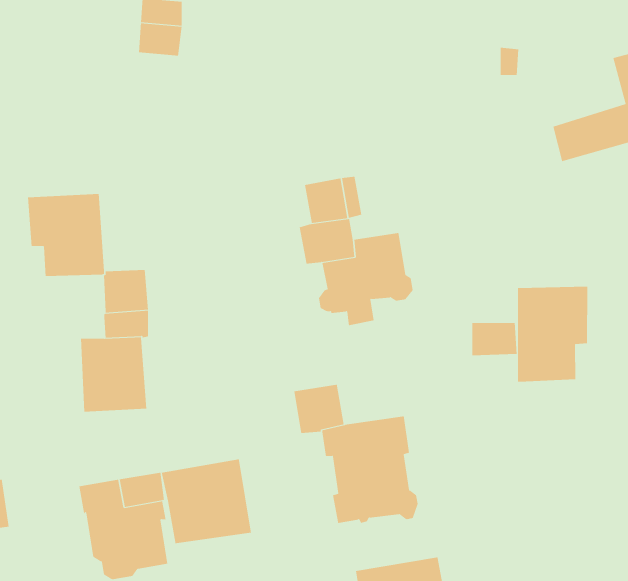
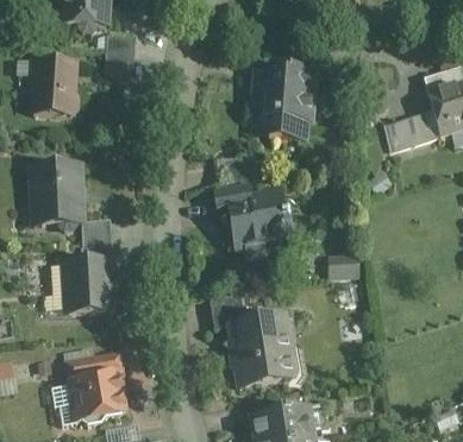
building: none -> [31,61,76,114]
building: none -> [254,69,314,137]
building: [517,286,588,383] -> none
building: [161,459,252,544] -> none

